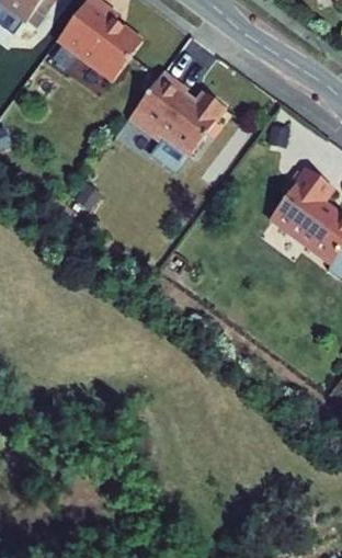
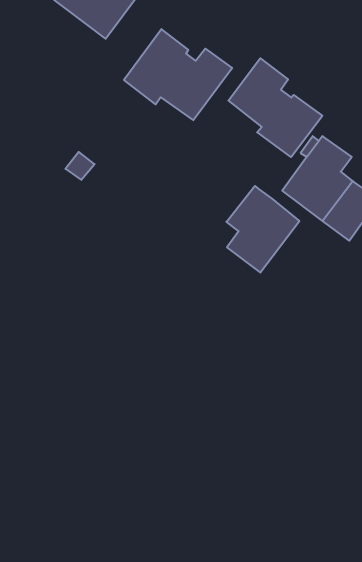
building: none -> [228,58,322,157]
building: none -> [226,186,299,273]

